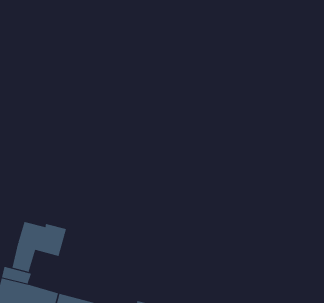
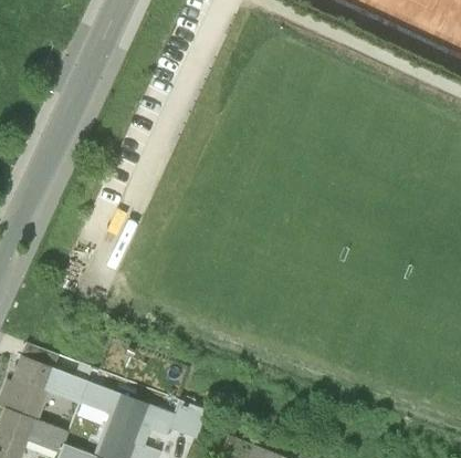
building: [12,221,66,273] -> none

